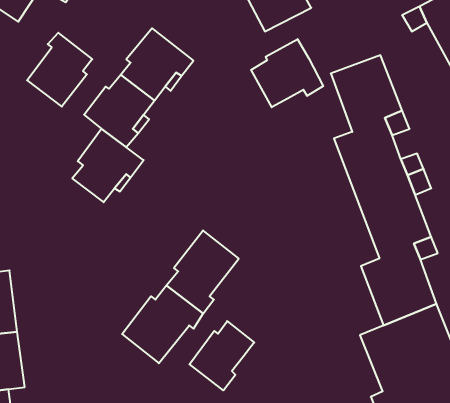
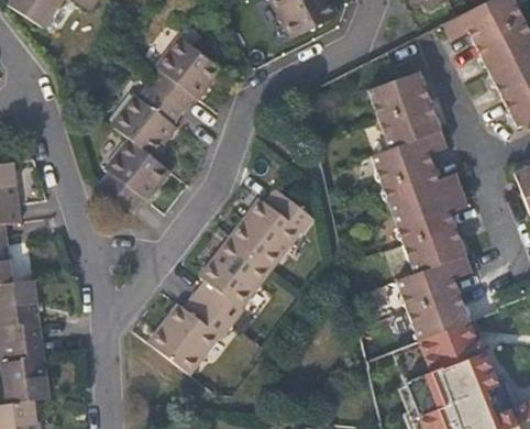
building: [27,33,92,107] -> none
building: [251,39,323,107] -> none
building: none -> [233,190,317,268]
building: [189,321,254,390] -> none

